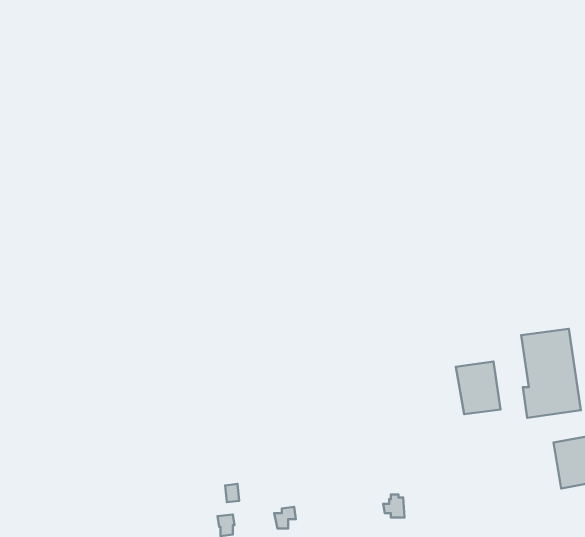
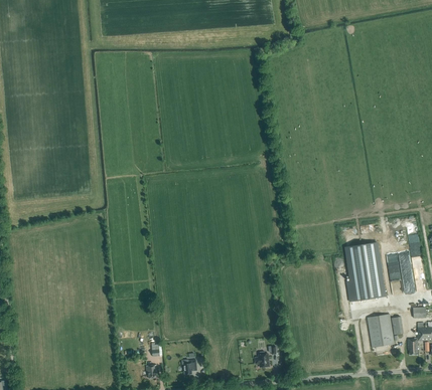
building: [456,362,500,414] -> none

